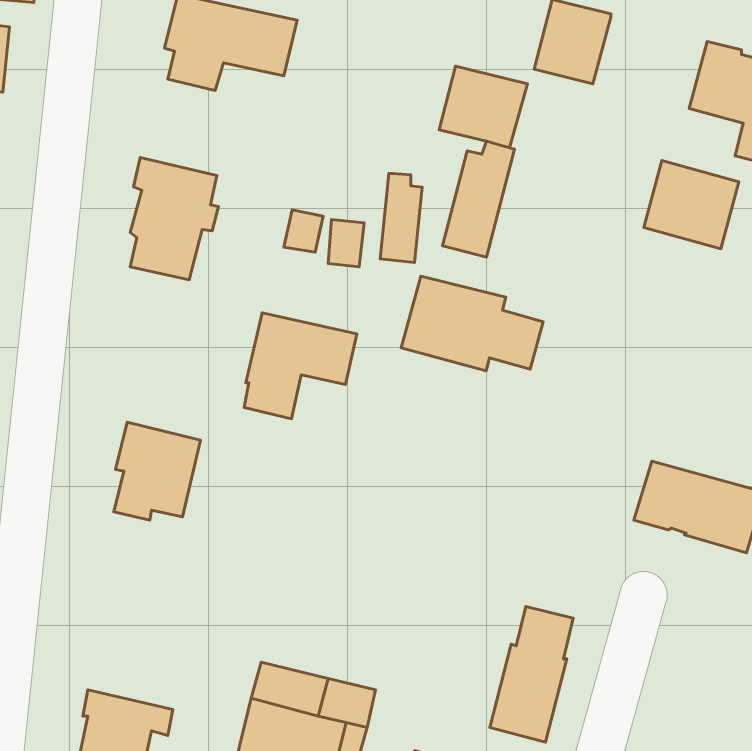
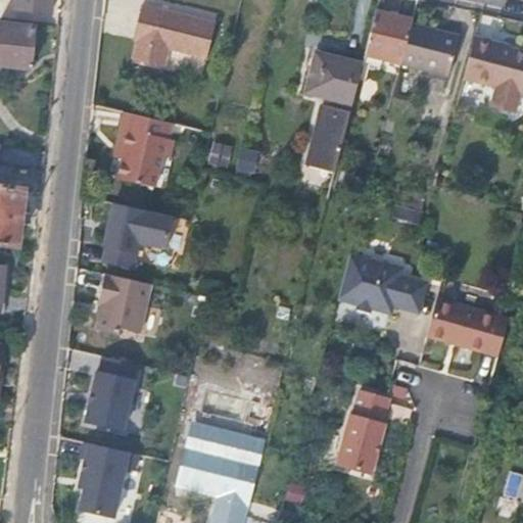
building: [644,161,739,249] -> [400,21,460,77]
building: [380,174,422,262] -> none
building: [401,276,543,371] -> [337,254,426,314]
building: [244,313,357,419] -> [103,203,174,270]
building: none -> [85,356,137,431]

